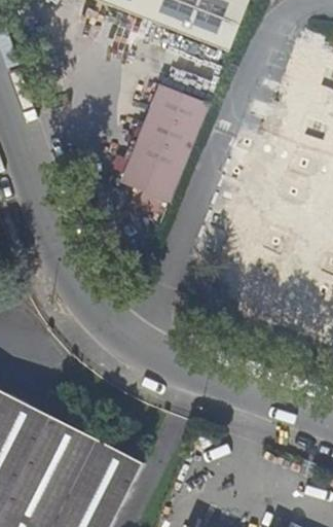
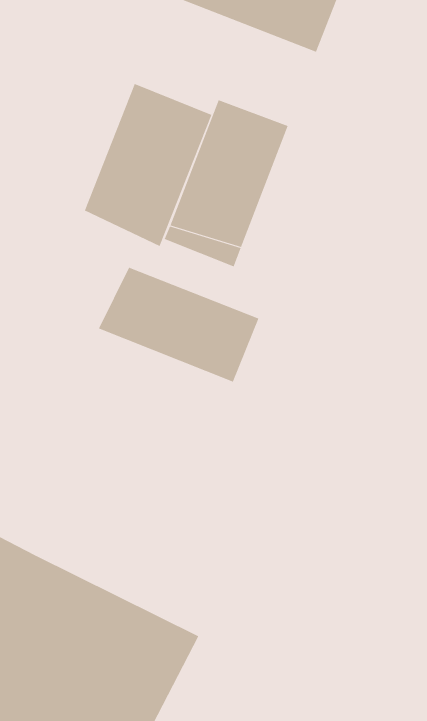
building: none -> [84,83,212,247]
building: none -> [98,267,259,382]

